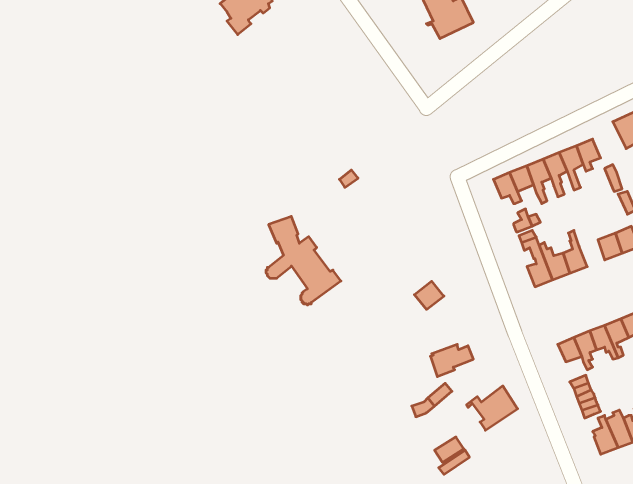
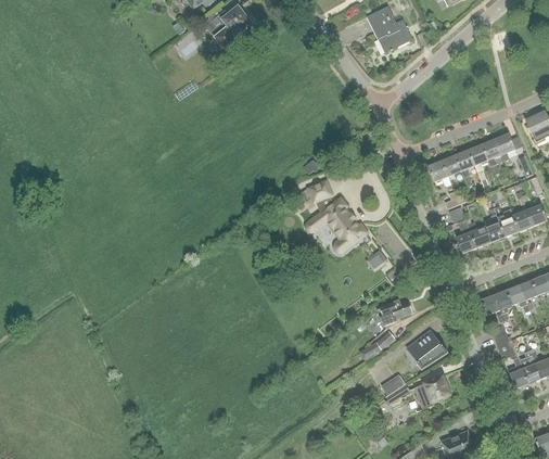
building: [266,216,341,305] -> [306,180,367,252]
building: none -> [494,205,519,237]
building: none -> [413,377,449,406]

